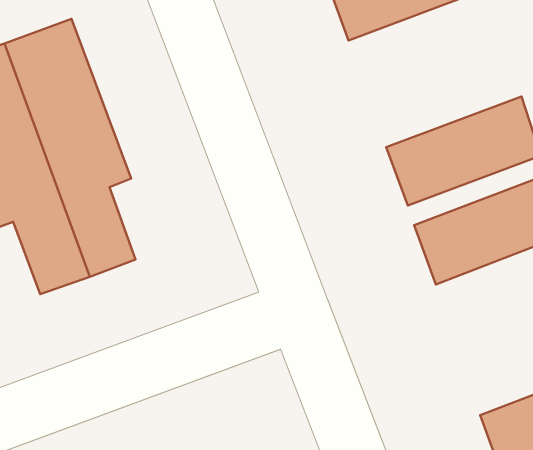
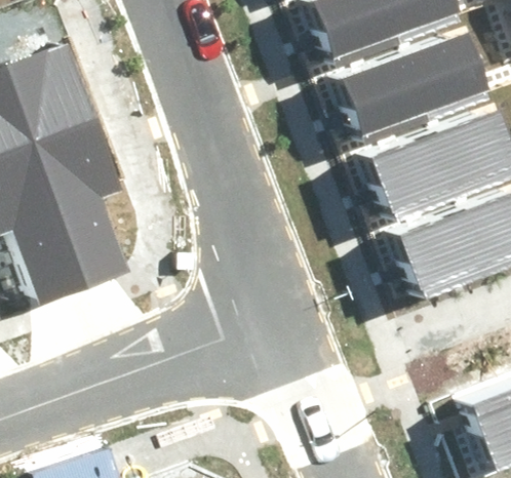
building: none -> [342,30,492,133]

